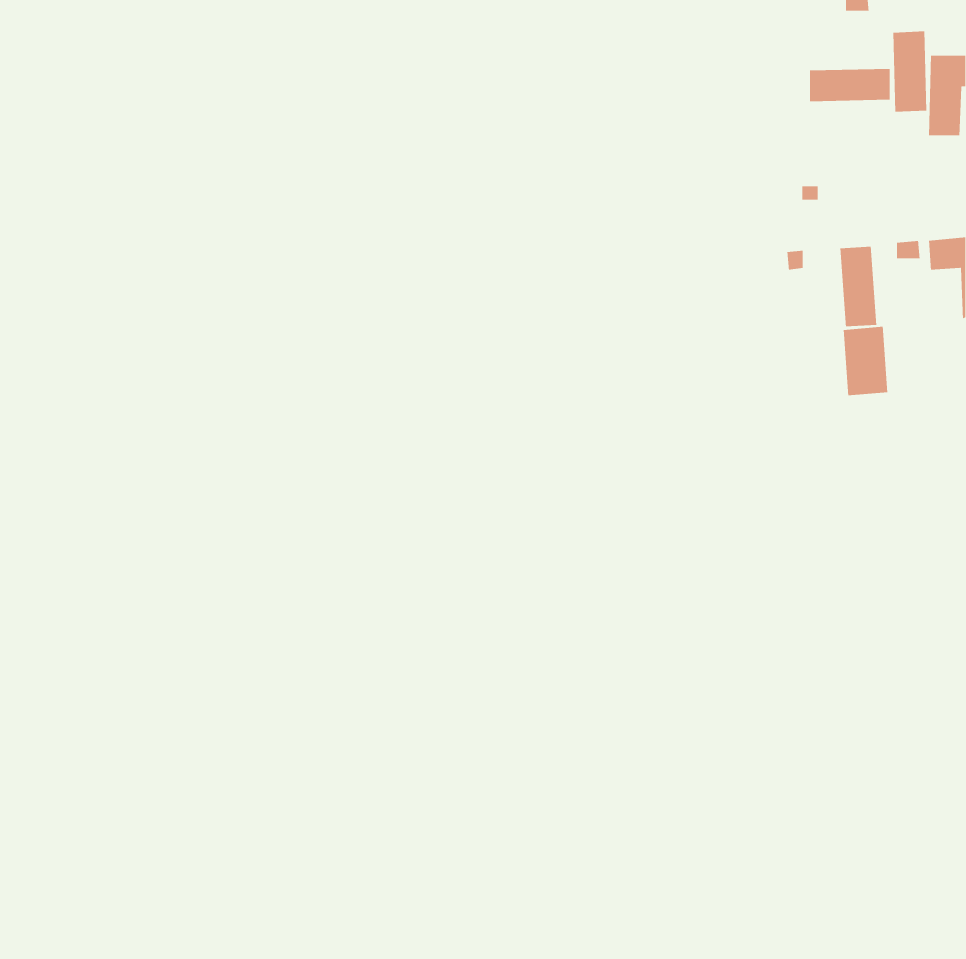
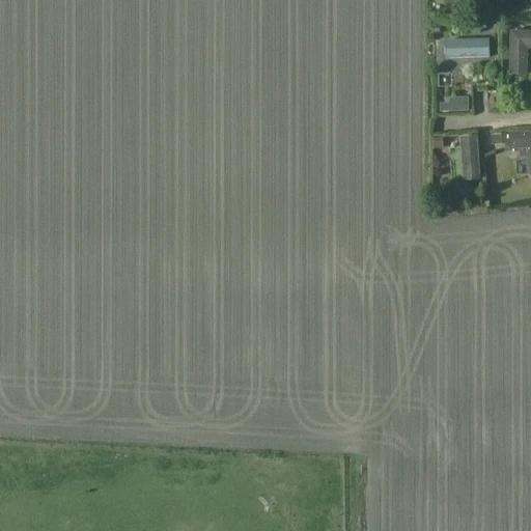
building: [893,31,927,113] -> none
building: [843,326,888,396] -> none

